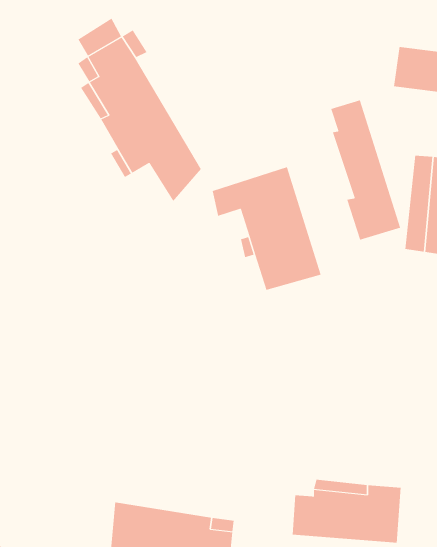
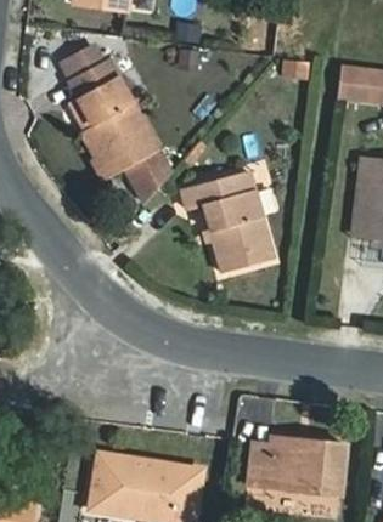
building: [331,100,401,241] -> none

